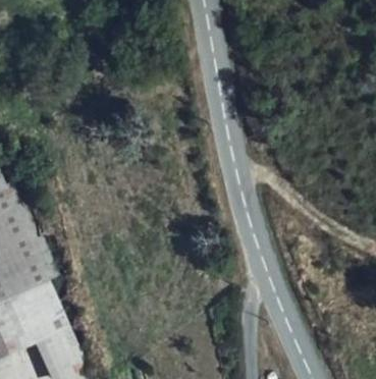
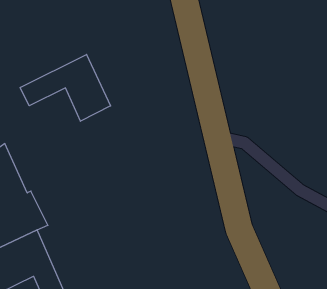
building: none -> [20,54,111,121]

